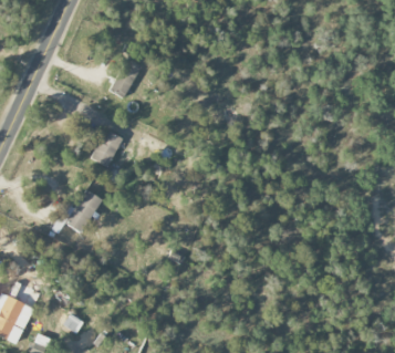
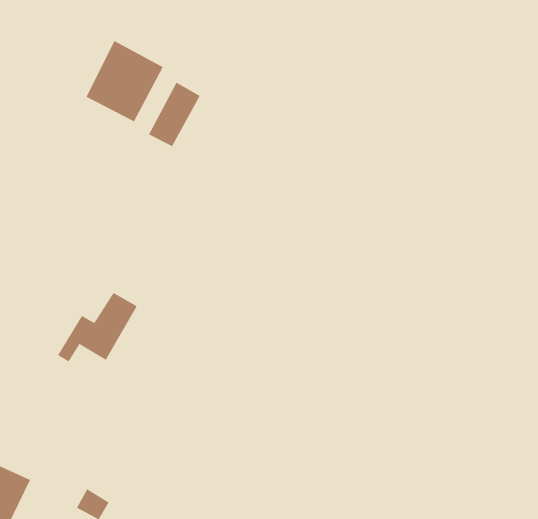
building: none -> [86,40,164,122]
building: [92,129,122,166] -> none

